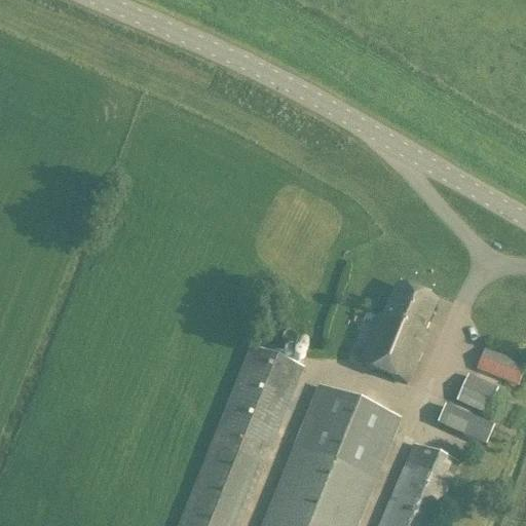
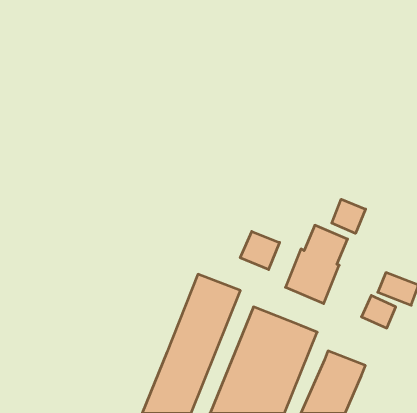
building: none -> [332,199,366,233]
building: none -> [240,231,280,270]
building: [438,403,494,443] -> none

